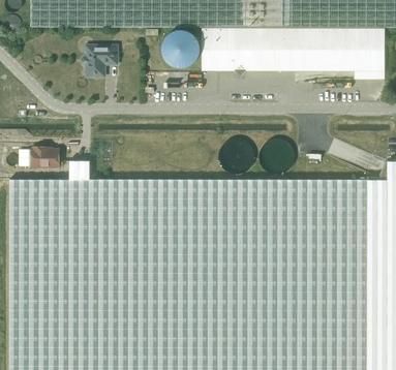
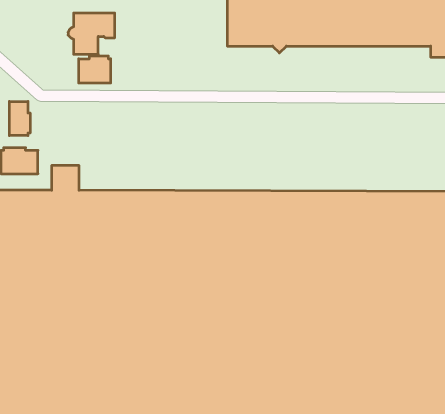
building: none -> [79,56,111,83]
building: none -> [9,101,30,136]

